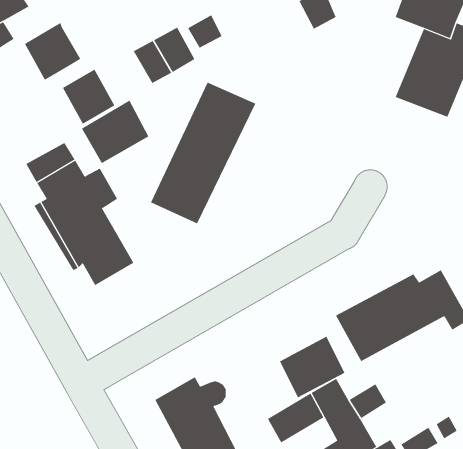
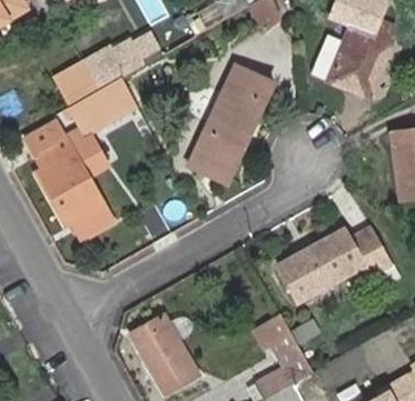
building: [24,22,81,81] -> [81,43,128,91]
building: [150,82,256,224] -> [187,66,274,182]
building: [279,336,345,398] -> none

